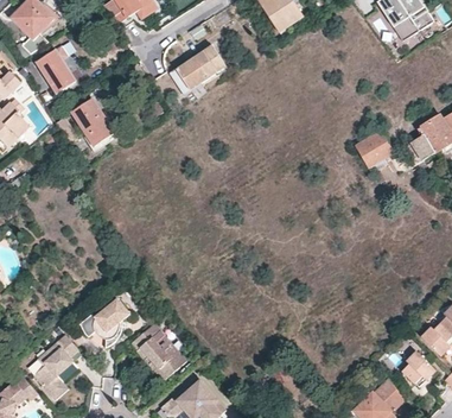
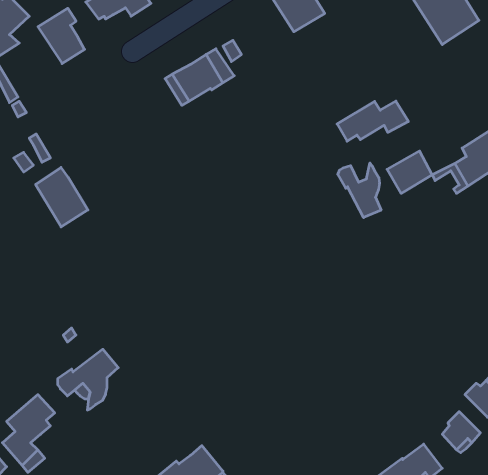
building: [37,44,76,90] -> [38,8,85,64]
building: none -> [337,101,408,141]
building: [71,96,115,146] -> [36,167,88,227]
building: none -> [338,163,381,218]
building: [132,327,186,380] -> none

